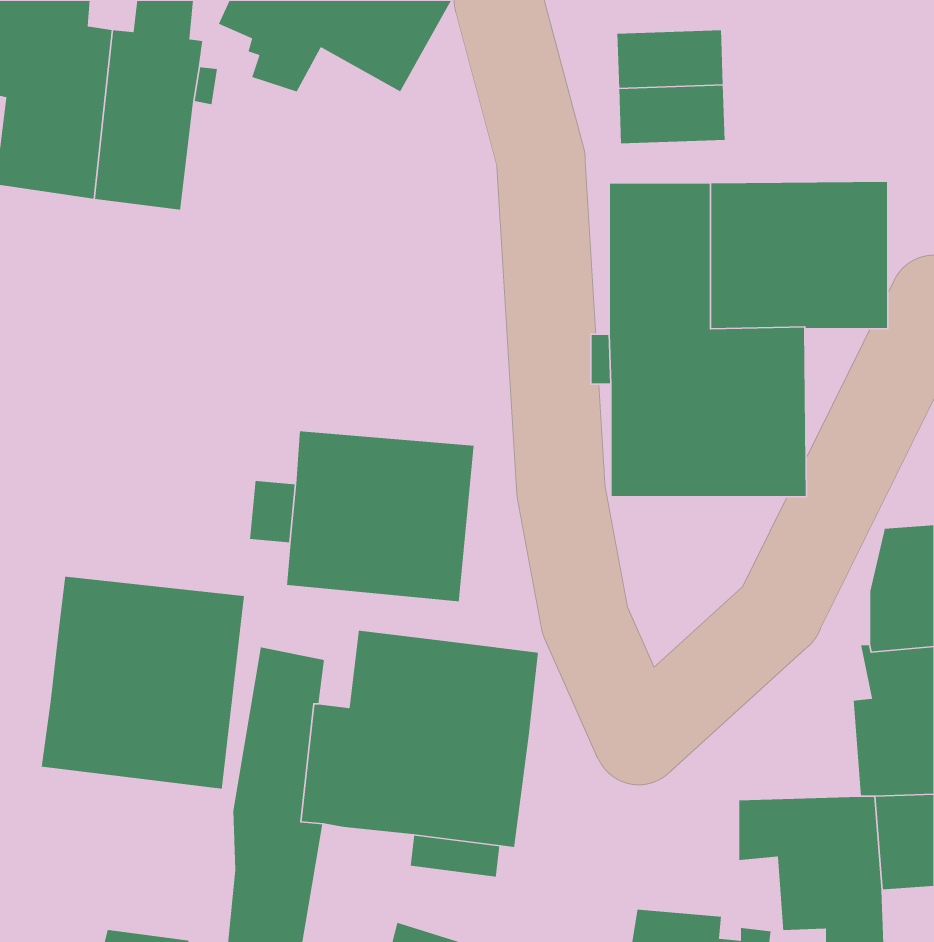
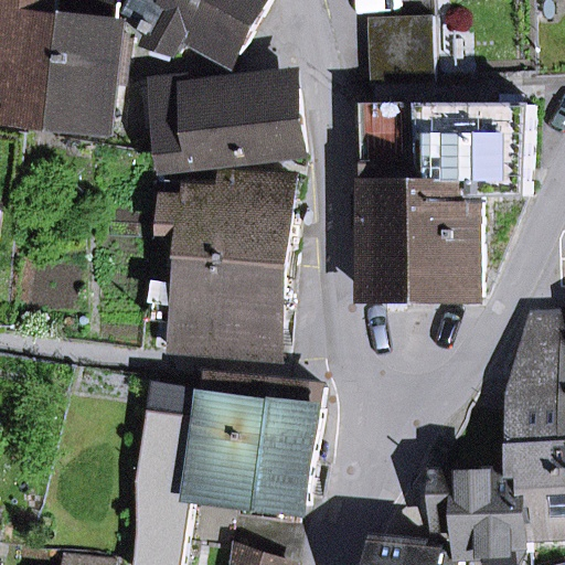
building: none -> [157,77,305,170]
building: none -> [166,174,292,267]
building: [41,576,245,790] -> none

